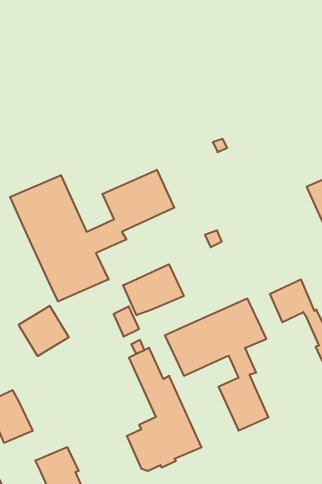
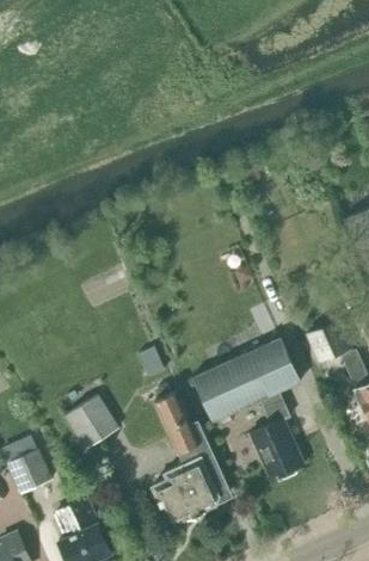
building: [10,170,174,301] -> none
building: [123,264,184,315] -> none
building: [19,306,69,356] -> [64,395,118,449]

